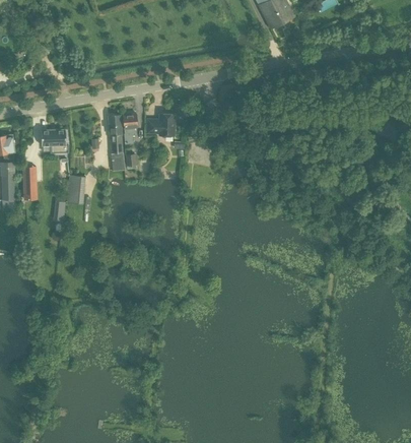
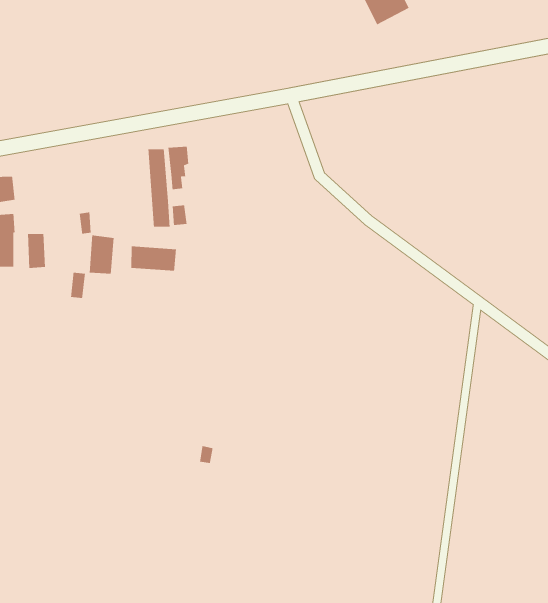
building: [147,113,174,135] -> none
building: [40,130,66,153] -> none
building: none -> [130,245,177,272]

